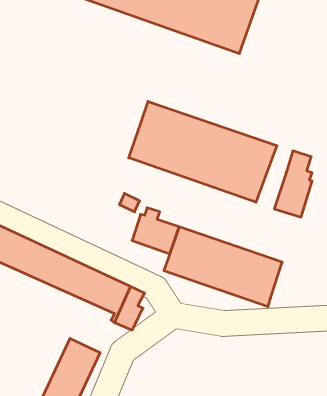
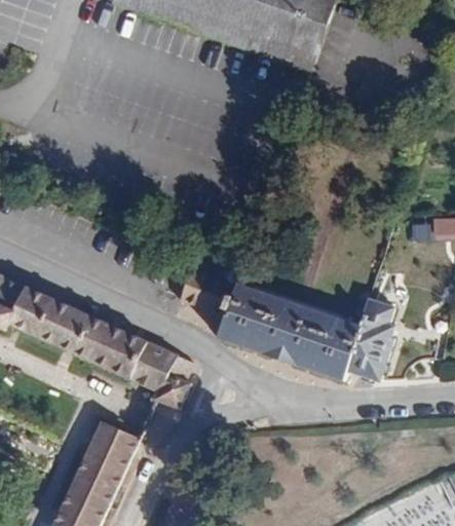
building: [129,101,277,202] -> none
building: [274,151,312,217] -> [348,298,394,379]

